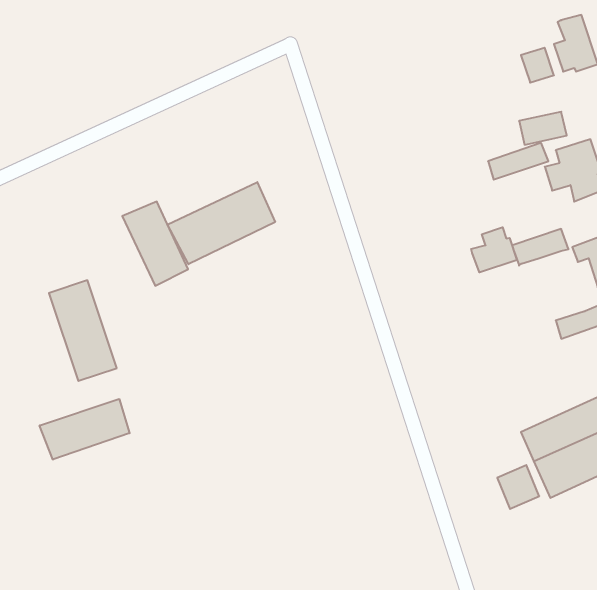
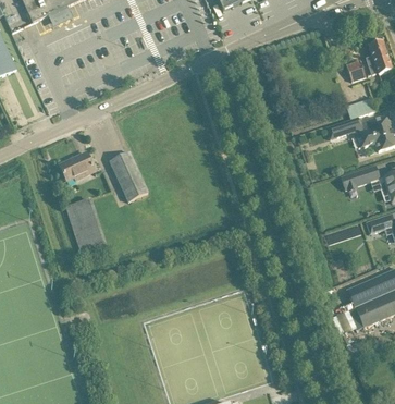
building: [167,182,275,264] -> none
building: none -> [59,151,95,180]
building: [471,227,517,272] -> none
building: [40,399,130,460] -> none

